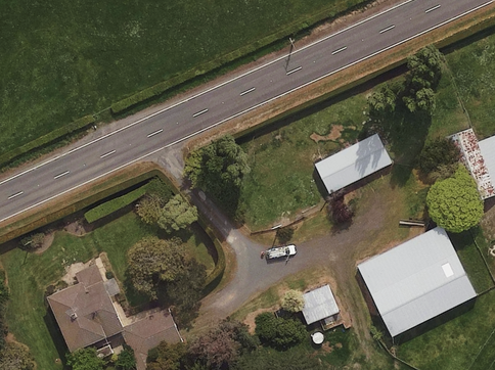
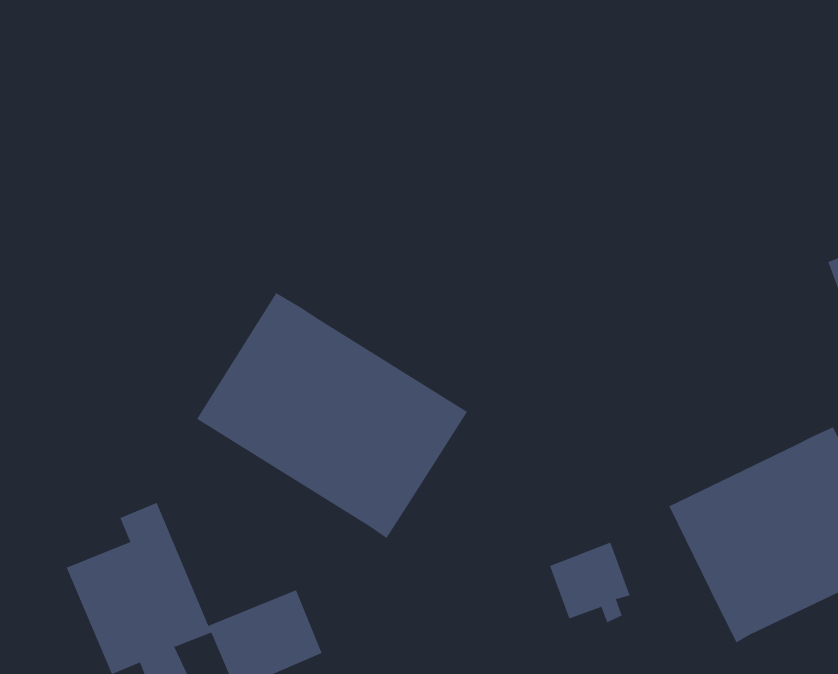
building: [315,134,390,193] -> none
building: none -> [197,292,468,539]

